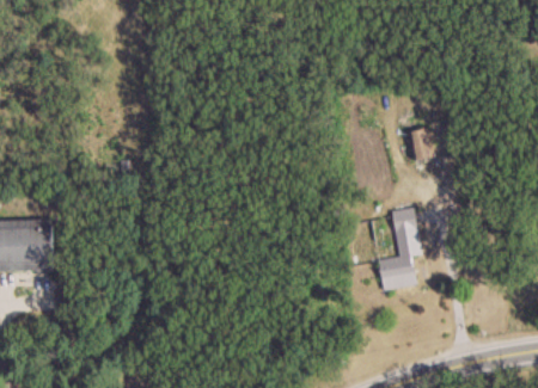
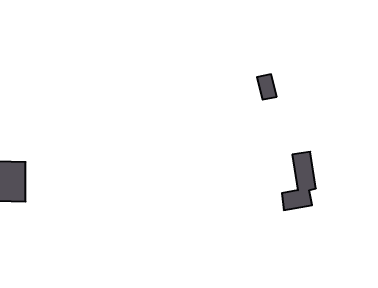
building: [406,127,432,159] -> [257,74,277,100]

